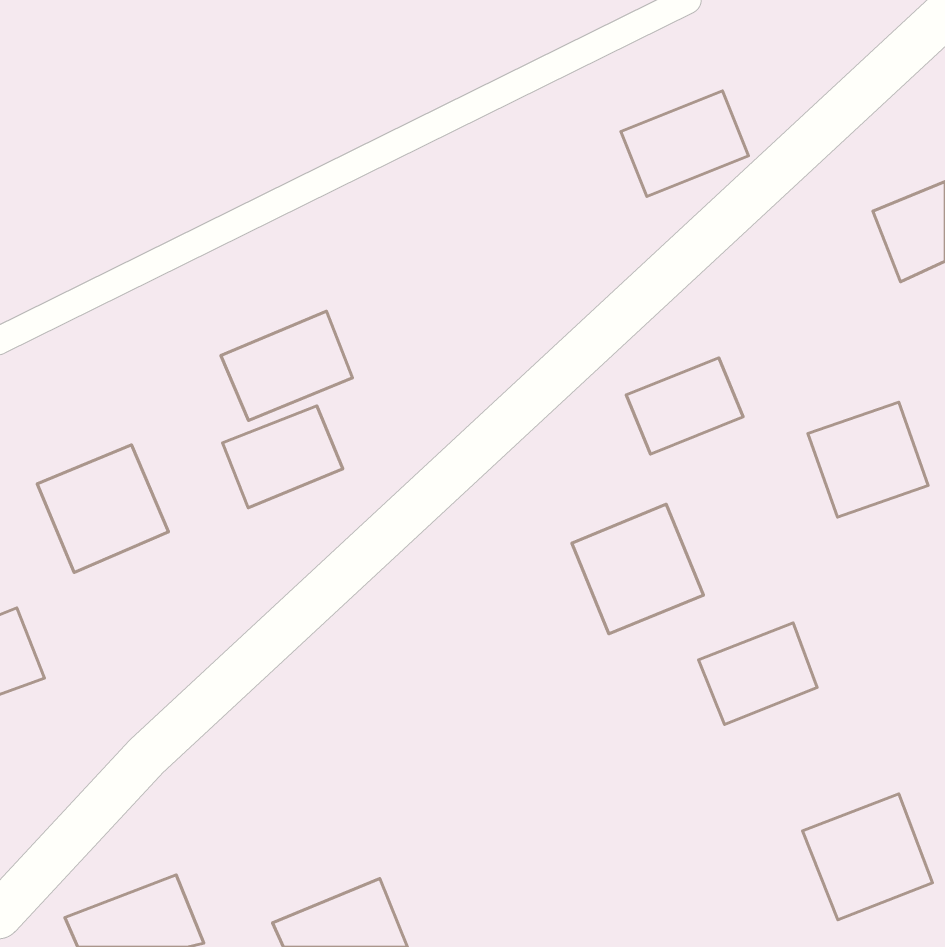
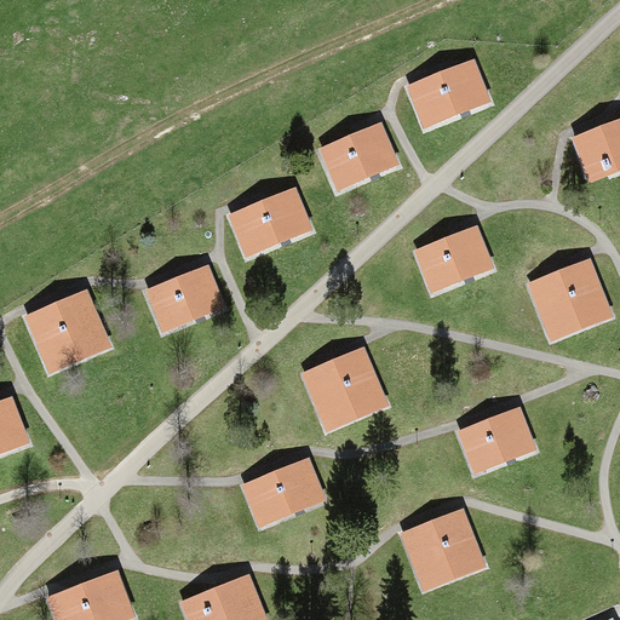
building: none -> [318,124,395,186]
building: [221,311,352,420] -> [226,186,312,258]
building: [572,504,703,634] -> [300,348,386,432]
building: none -> [240,458,325,528]
building: [803,794,932,920] -> [400,509,484,591]

